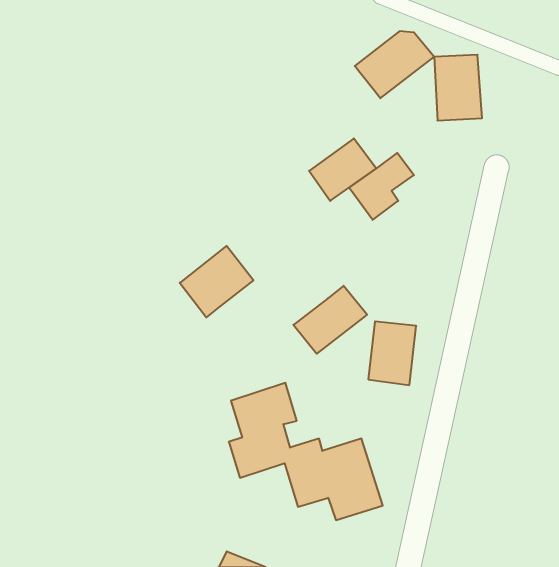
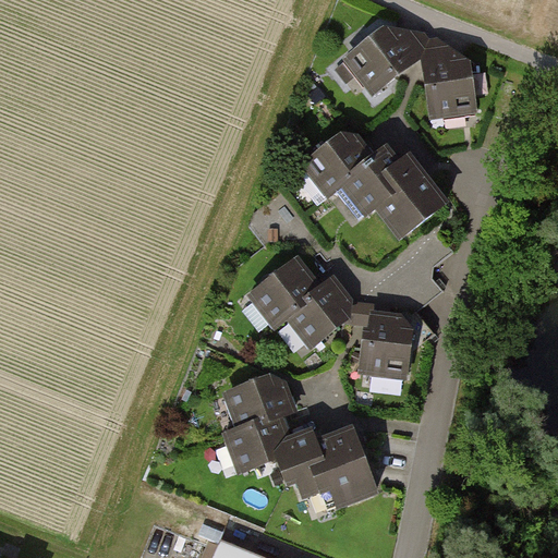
building: none -> [377,162,446,238]
building: [180,246,253,317] -> [248,257,320,327]

